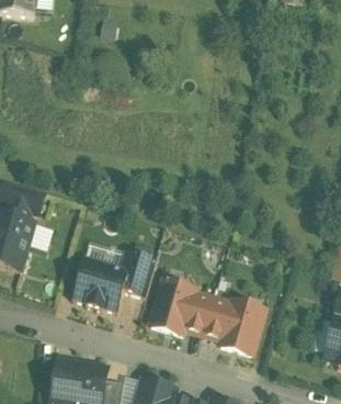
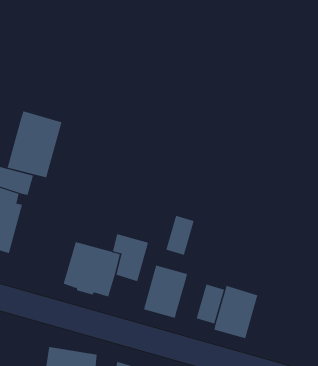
building: none -> [7,111,62,178]
building: [184,293,213,333] -> [165,215,194,255]

